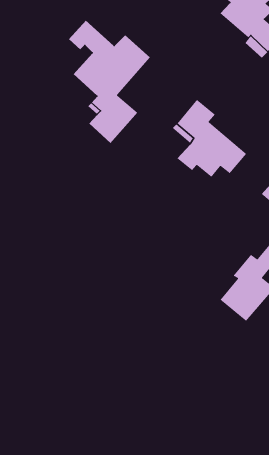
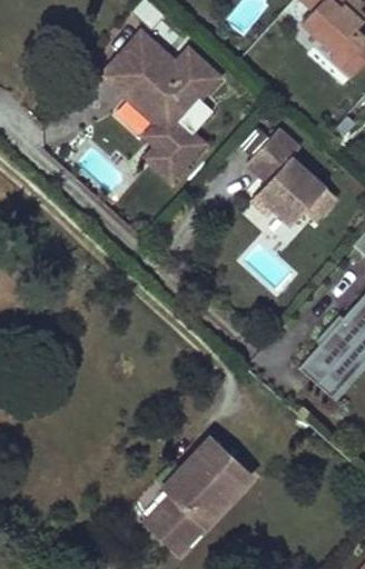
building: none -> [100,54,147,97]
building: none -> [146,438,250,552]

